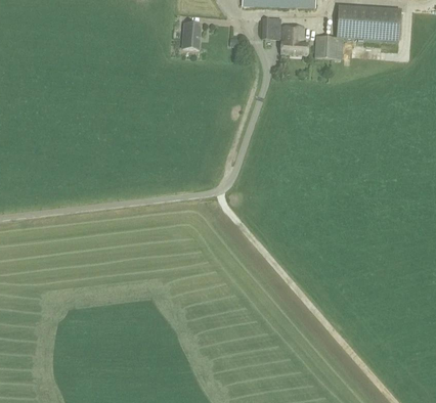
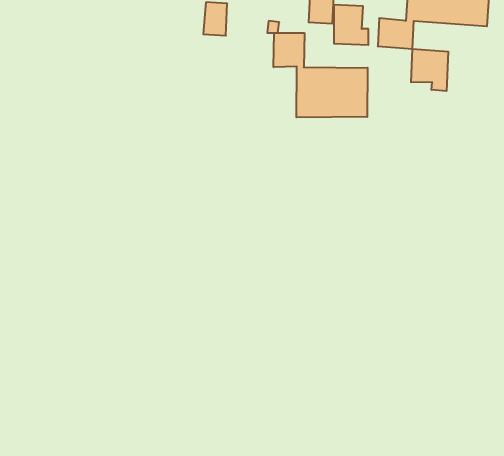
building: none -> [274,33,368,117]
building: none -> [411,49,448,91]

